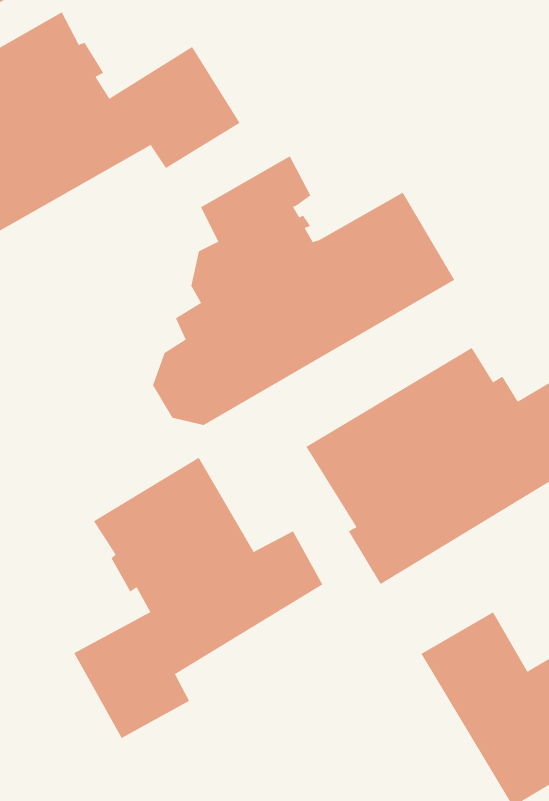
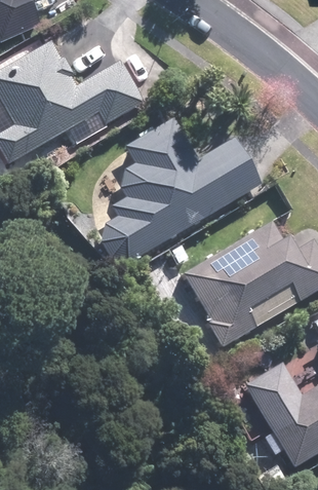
building: [73,457,323,739] -> none

